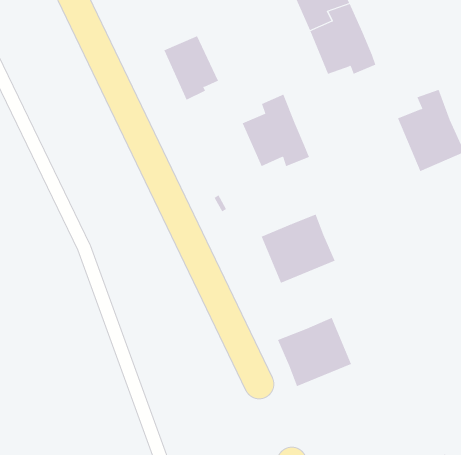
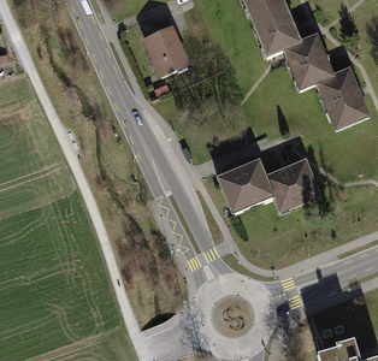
building: [242,94,310,167] -> [287,34,337,88]
building: [277,317,352,387] -> [265,158,320,209]

